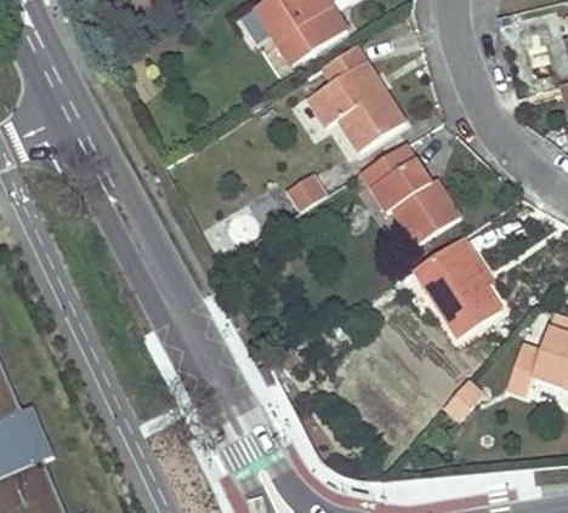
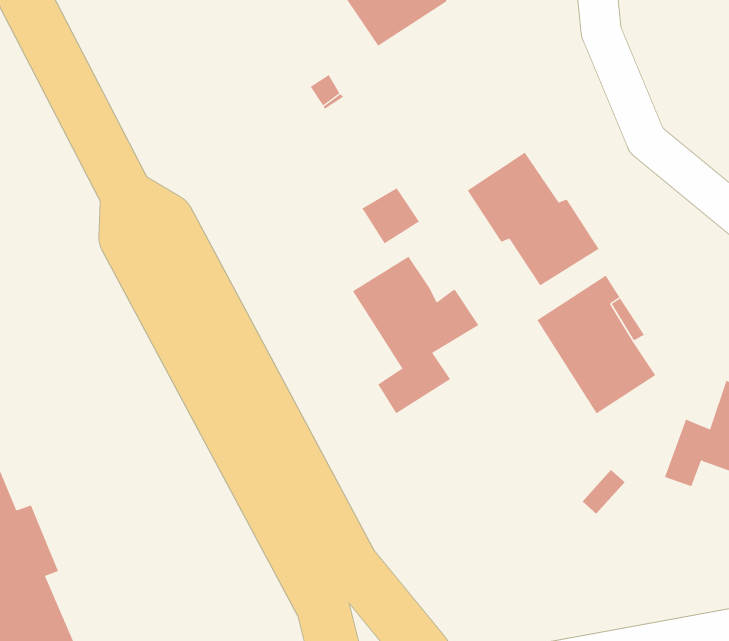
building: [307,44,405,150] -> none
building: none -> [352,256,479,414]

